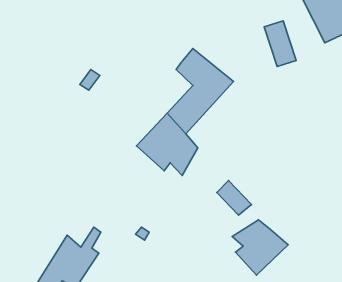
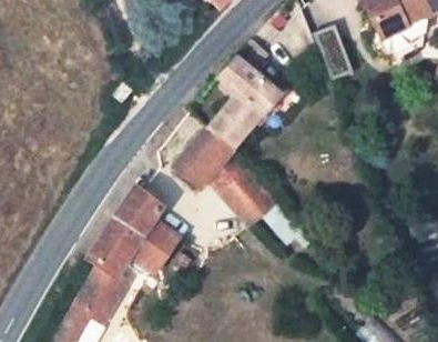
building: none -> [225,169,267,218]
building: none -> [88,181,176,280]
building: [232,220,288,275] -> none

